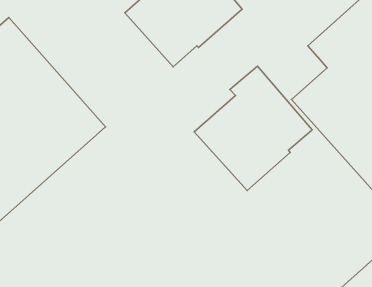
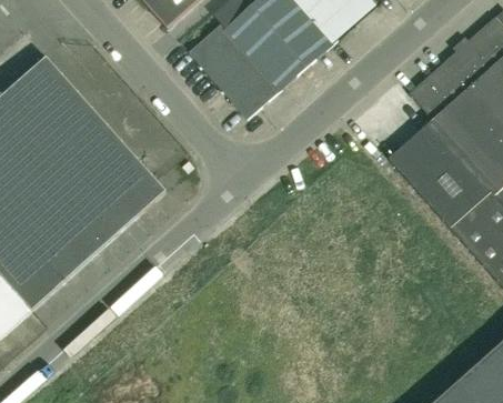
building: [194,66,312,190] -> none

